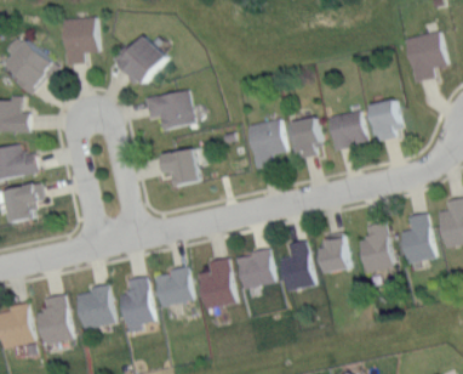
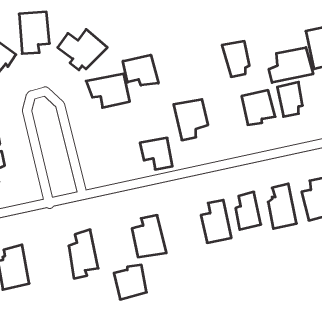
building: none -> [269,47,313,83]
building: none -> [123,55,158,85]
building: [290,117,322,159] -> [222,41,249,77]
building: [160,148,199,186] -> [140,138,172,169]
building: [235,249,275,290] -> none
building: [154,267,193,308] -> [114,265,147,299]
building: [75,285,116,330] -> none

